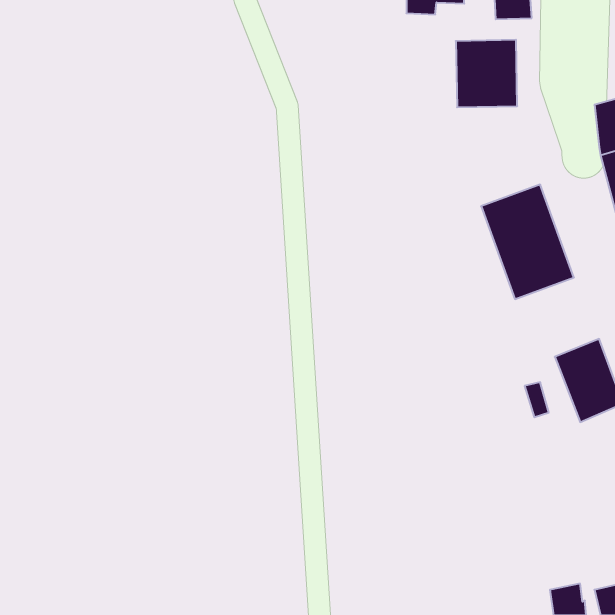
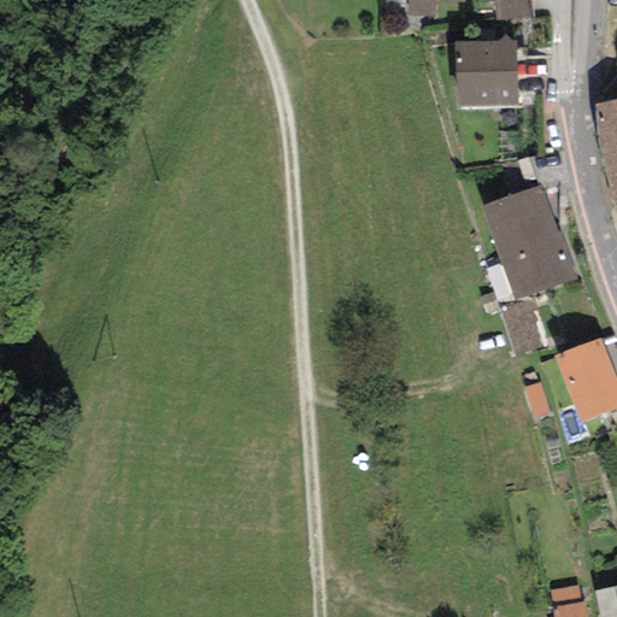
building: none -> [501,298,548,354]

